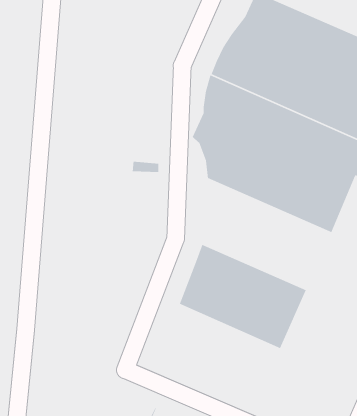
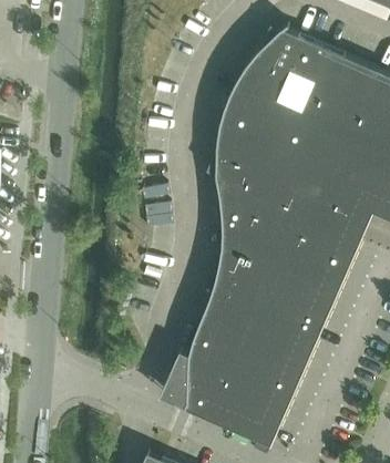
building: none -> [216,214,348,327]
building: none -> [177,341,296,445]

